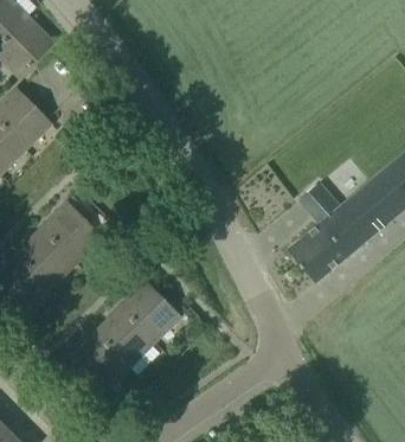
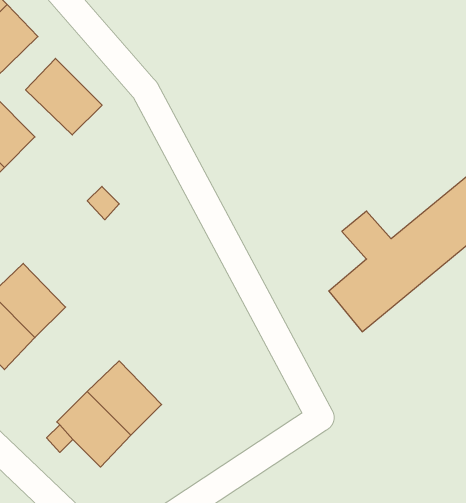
building: none -> [26,58,102,135]
building: [41,201,102,262] -> none
building: [120,281,180,341] -> none

